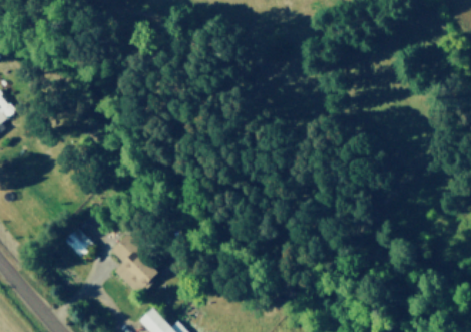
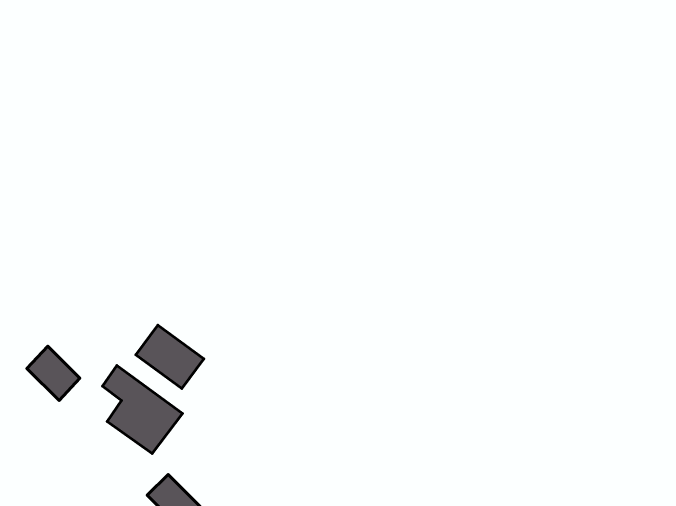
building: none -> [136,325,204,389]

